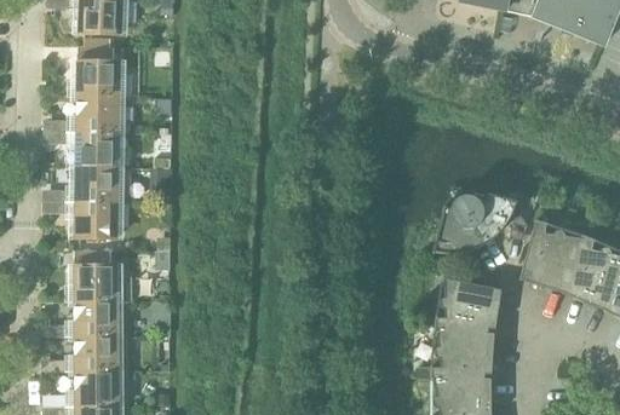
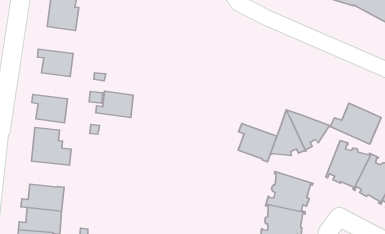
building: [68,96,121,132] -> none
building: none -> [330,103,381,144]
building: [67,166,120,201] -> [96,91,133,117]
building: none -> [238,123,277,162]
building: [67,300,119,335] -> none

